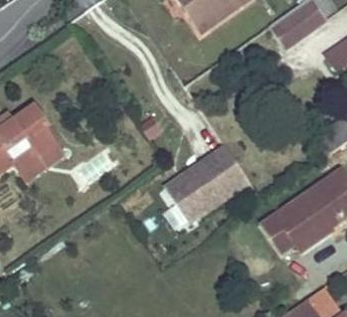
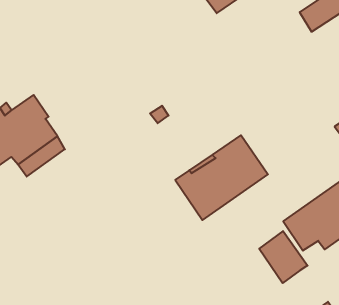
building: none -> [259,231,308,283]

